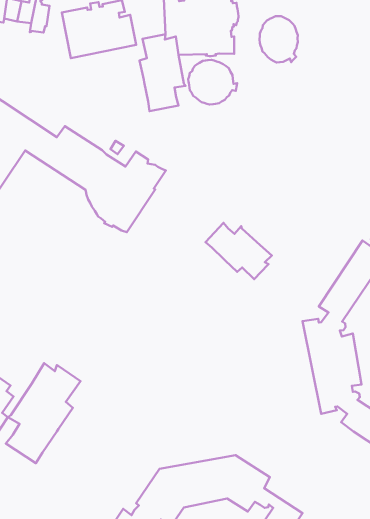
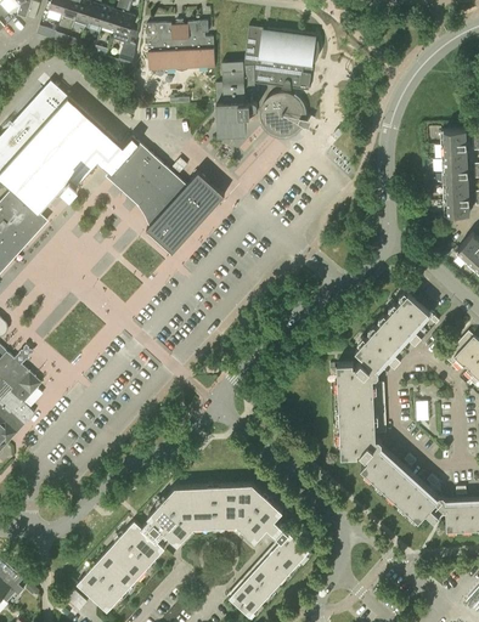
building: [260,16,298,62] -> none
building: [205,223,272,279] -> none
building: [6,363,80,463] -> none

